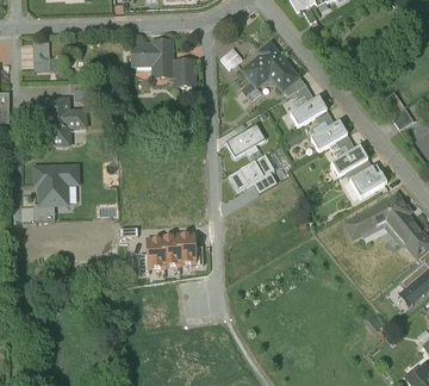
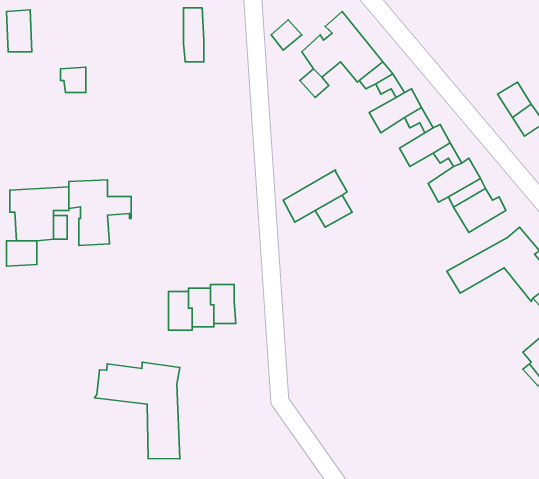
building: [131,43,158,66] -> none
building: [173,60,195,86] -> none
building: [42,98,86,144] -> [69,180,131,246]
building: [226,124,265,156] -> none
building: none -> [95,362,180,459]

